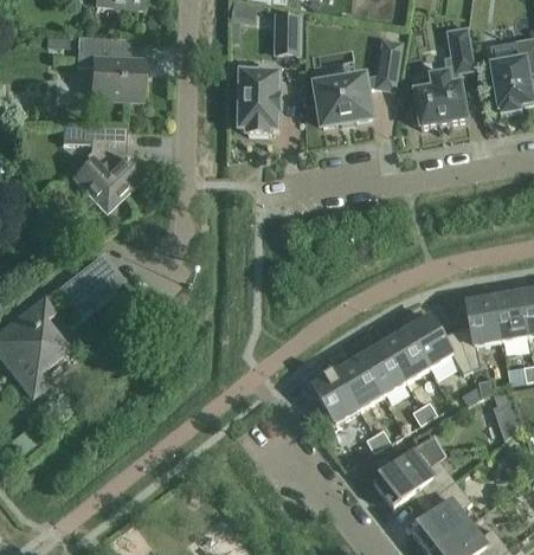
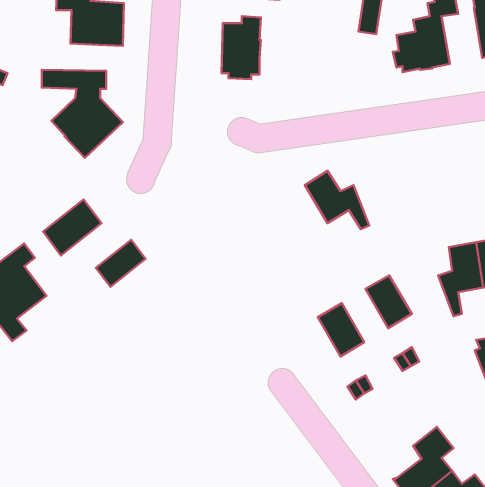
building: [316,75,372,123] -> none
building: none -> [96,240,146,287]
building: [407,314,471,372] -> [305,171,369,229]
building: [360,341,406,394] -> none
building: [313,369,359,434] -> none
building: [373,433,455,508] -> none

